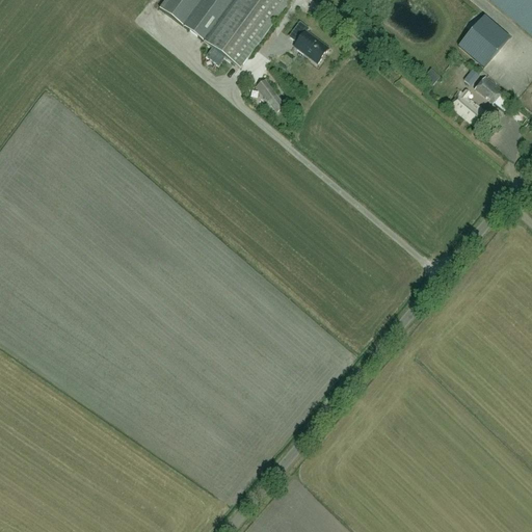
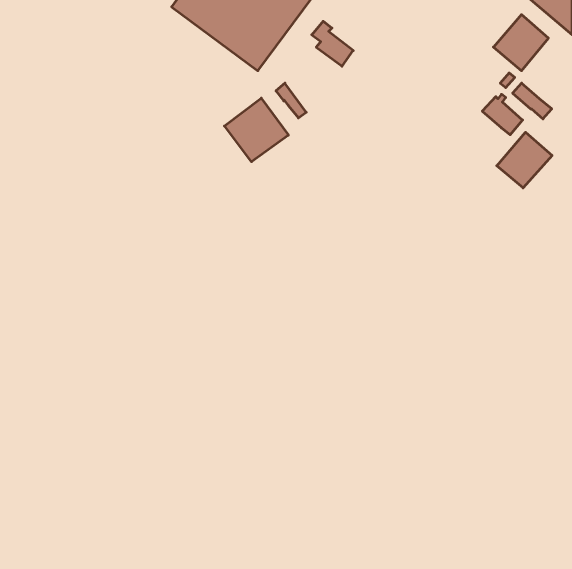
building: none -> [224,98,288,162]
building: none -> [497,132,552,188]

